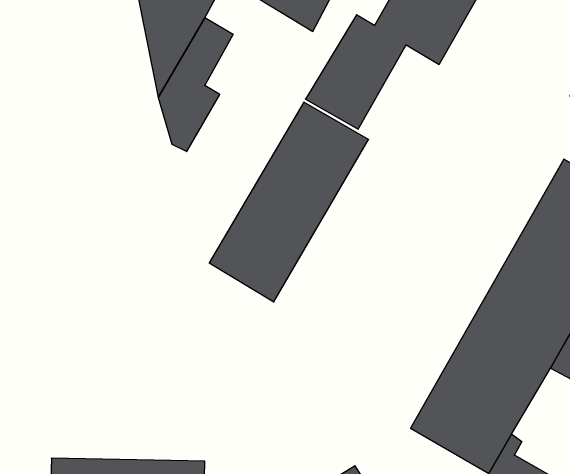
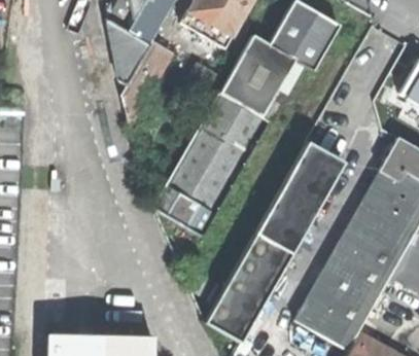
building: none -> [207,138,347,341]

